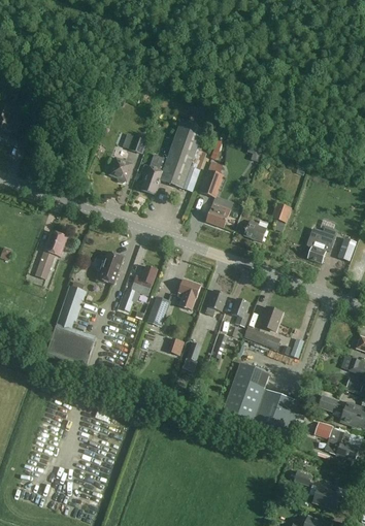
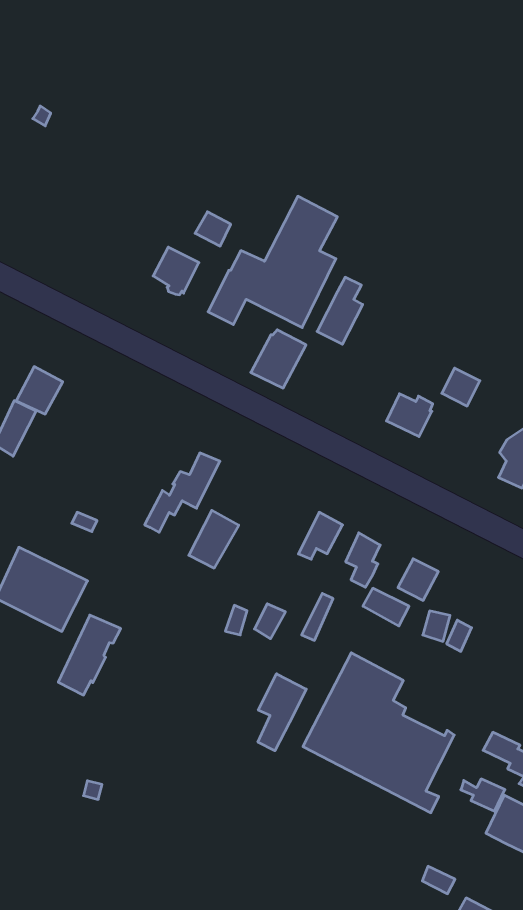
building: [205,196,233,227] -> [251,330,306,388]
building: [96,251,123,285] -> none
building: [176,278,200,309] -> none
building: [57,285,87,328] -> [58,615,121,695]
building: none -> [258,674,306,751]

